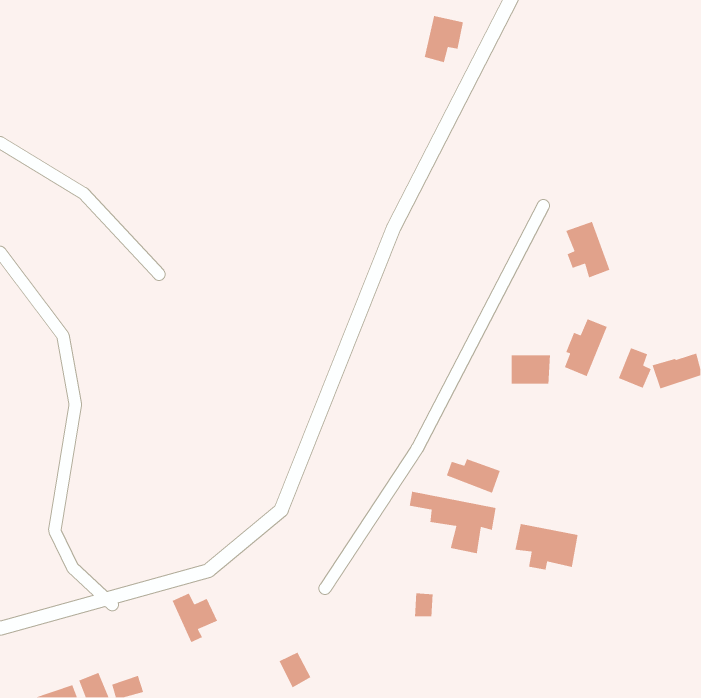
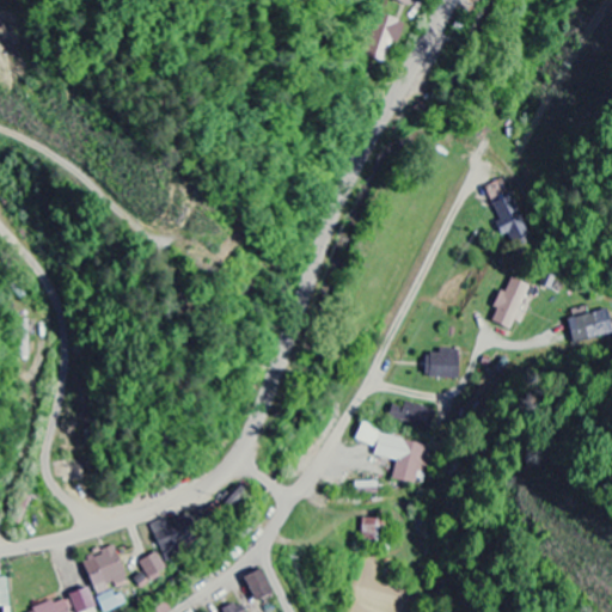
building: [618,347,652,389] -> none
building: [511,354,551,385] -> [424,350,459,377]
building: [515,523,579,571] -> none
building: none -> [80,544,127,594]
building: none -> [133,550,170,588]

